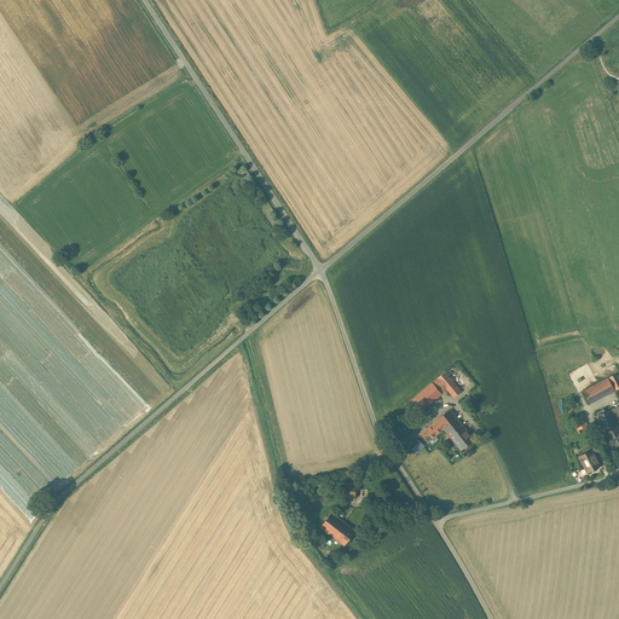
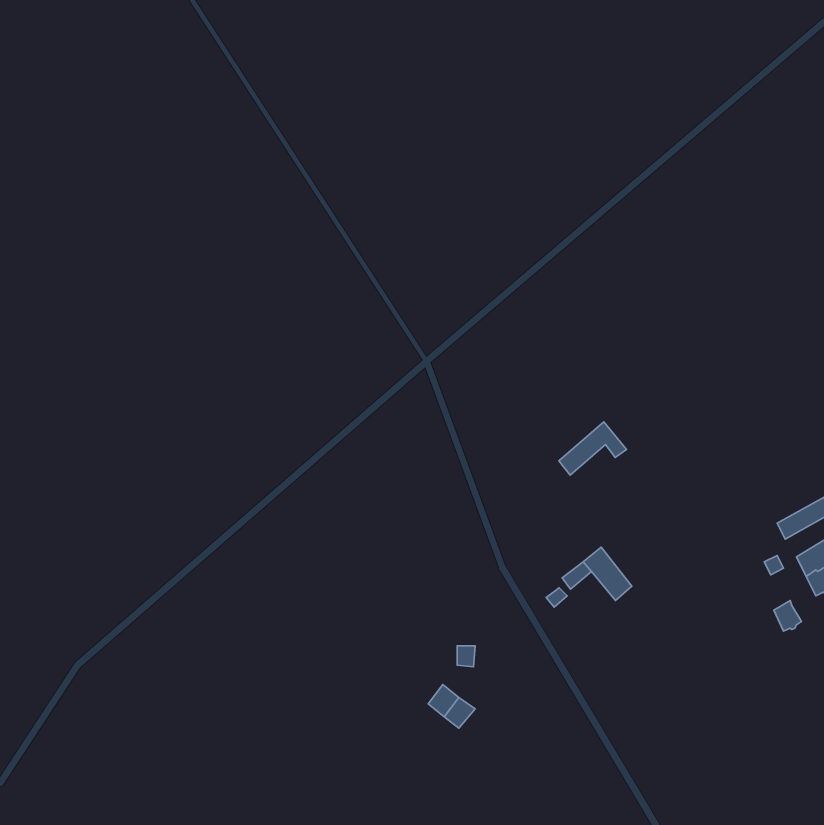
building: [412,371,463,411] -> [559,422,627,475]

